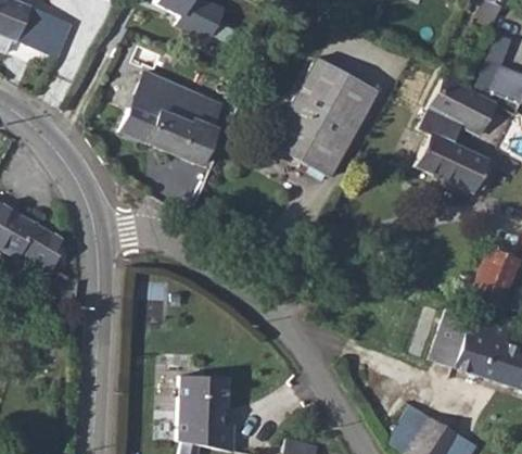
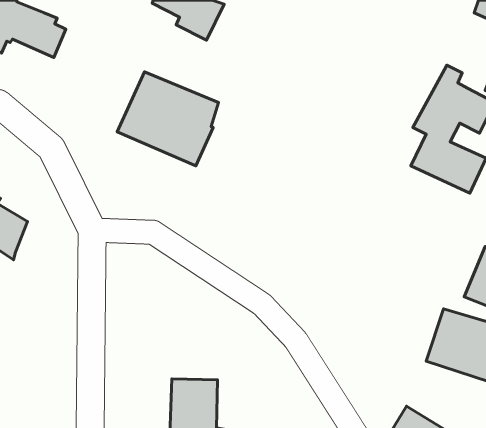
building: [270,58,377,176] -> none
building: [22,220,64,267] -> none

